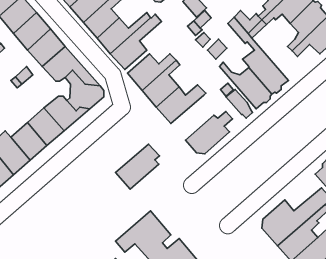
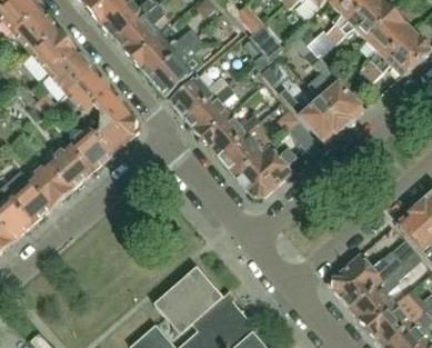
building: [115,144,160,189] -> [221,128,274,182]

